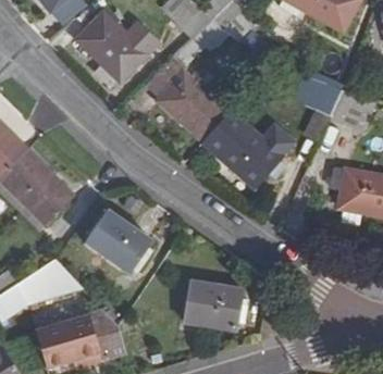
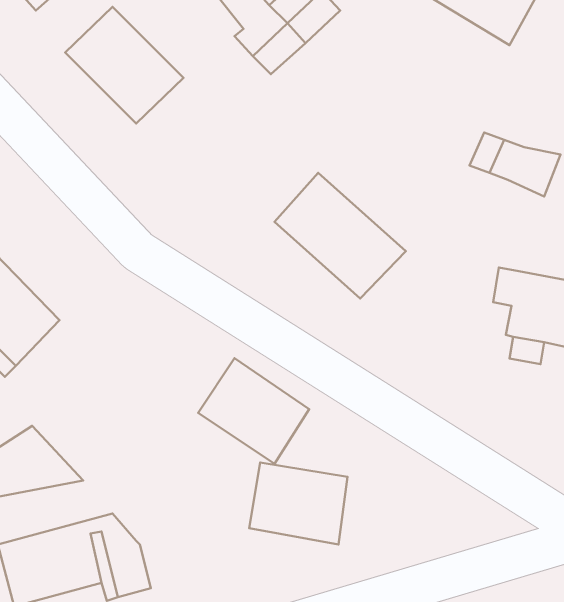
building: [156,68,226,137] -> none
building: [87,208,153,271] -> [198,358,309,464]

